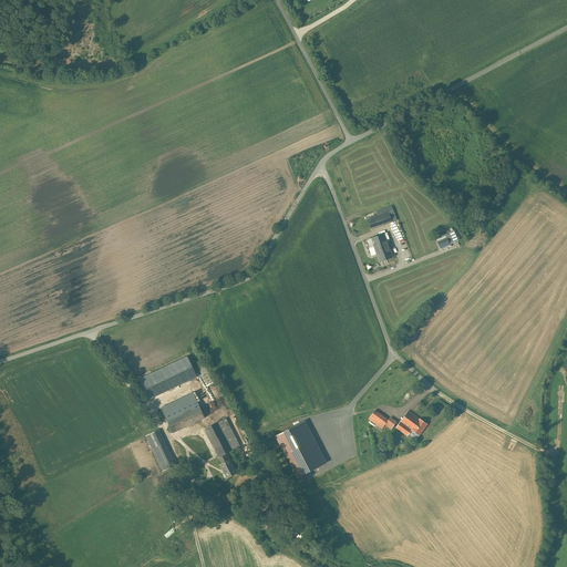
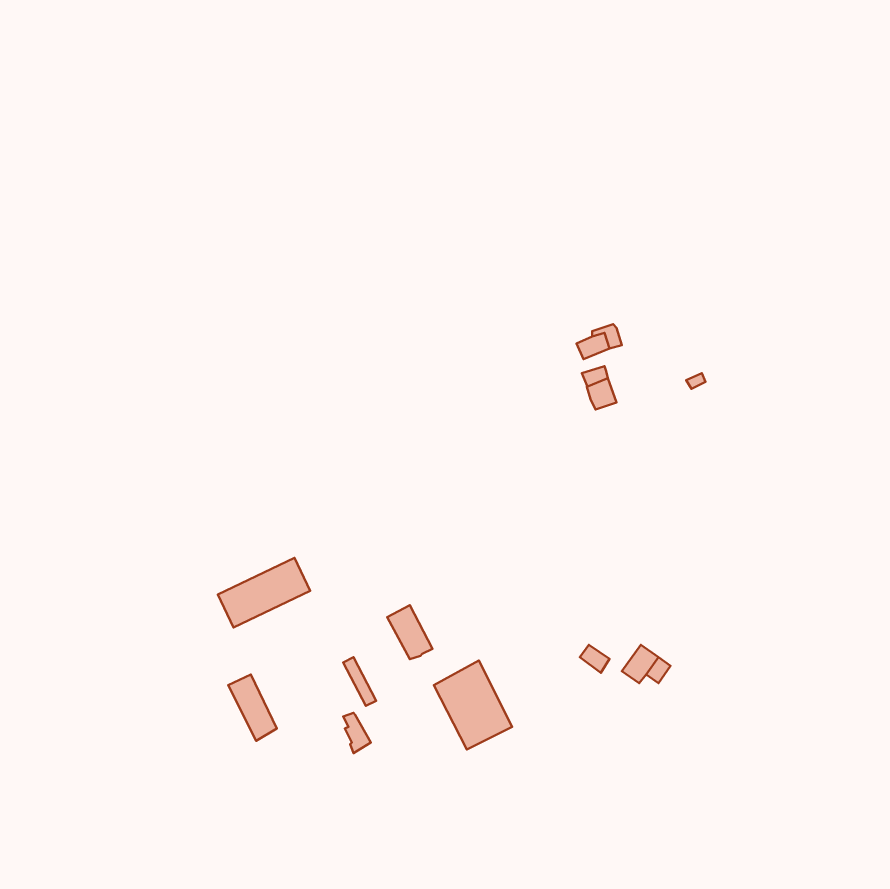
building: [161,391,205,431] -> none
building: [204,421,233,455] -> [387,605,433,659]

